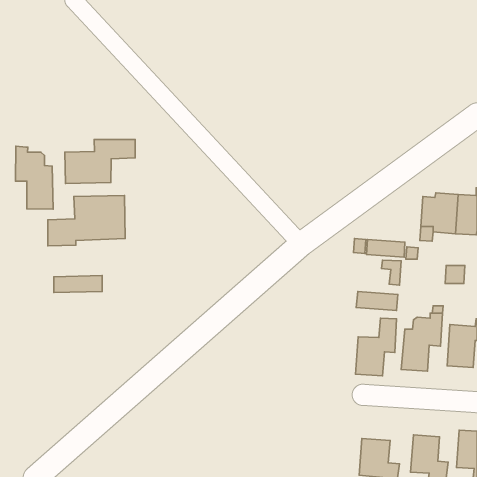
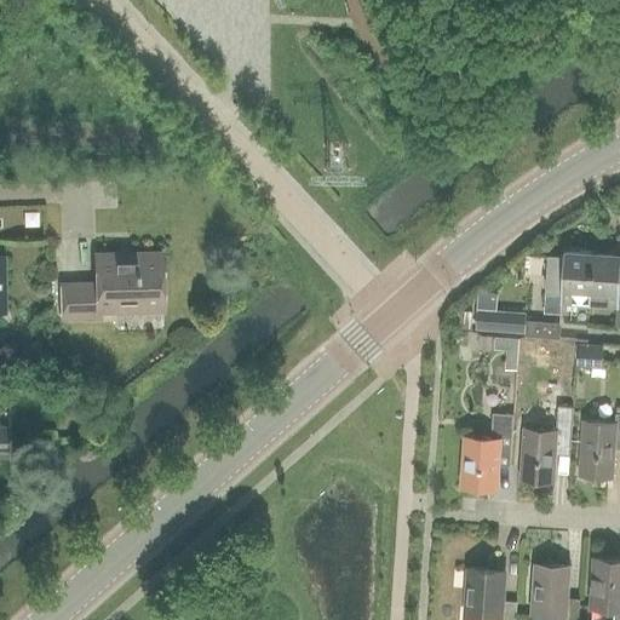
building: [65,139,135,183] -> none
building: [15,146,53,209] -> none
building: [54,276,102,293] -> none
building: [356,292,398,311] -> none

